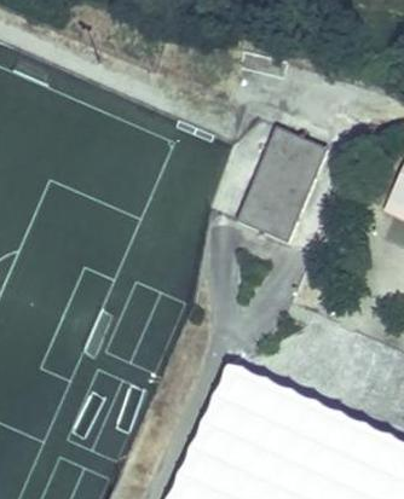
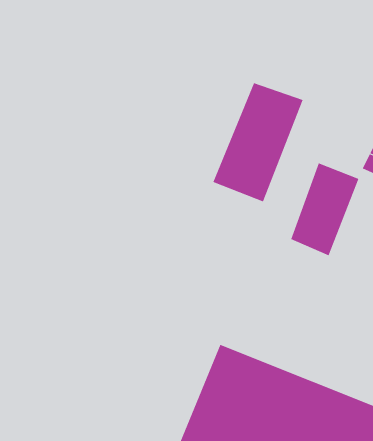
building: none -> [290,163,359,256]

